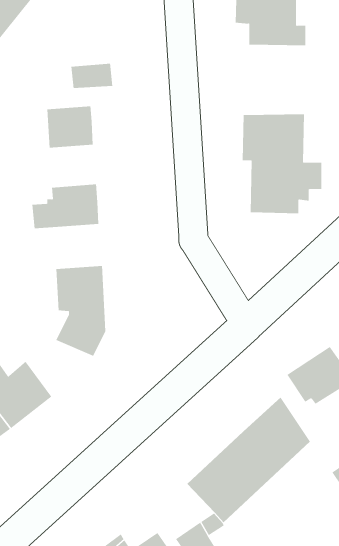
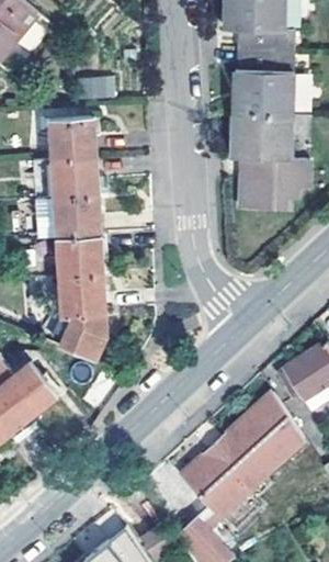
building: none -> [237,58,297,125]
building: none -> [31,154,98,195]
building: none -> [56,229,103,272]

